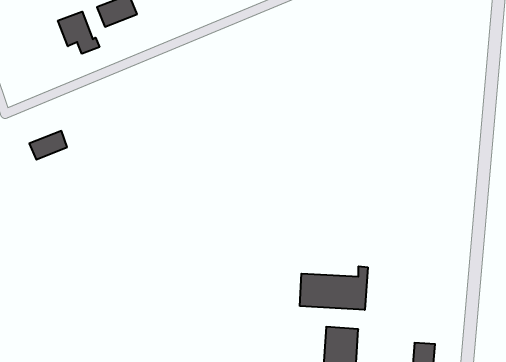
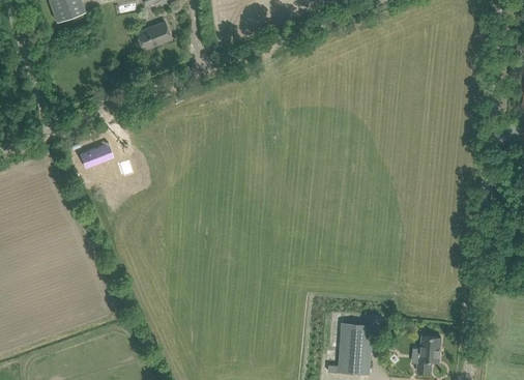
building: [58,12,99,54] -> none
building: [300,266,368,310] -> none

